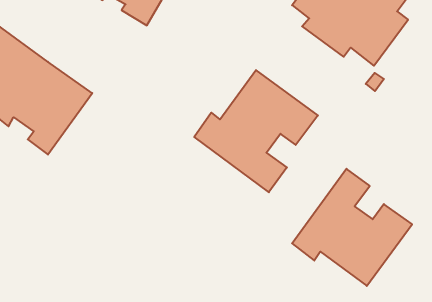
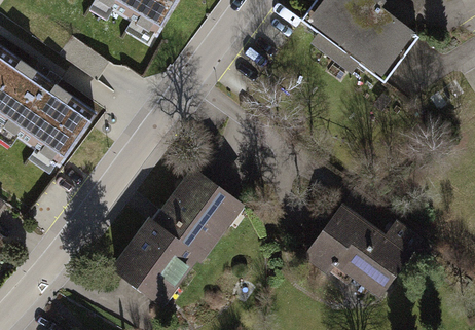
building: [194,70,318,192] -> none
building: none -> [106,171,242,315]

